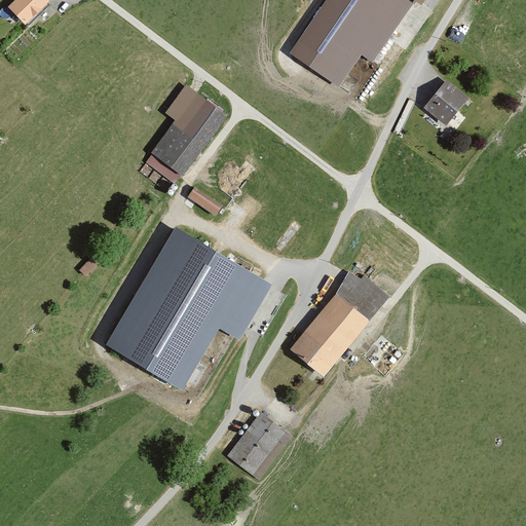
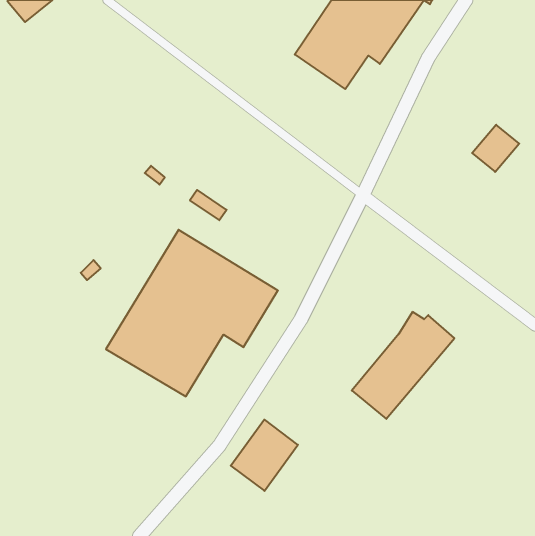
building: [422,79,468,125] -> [472,125,519,172]
building: [150,84,227,176] -> none
building: [289,271,389,376] -> [352,312,454,419]

